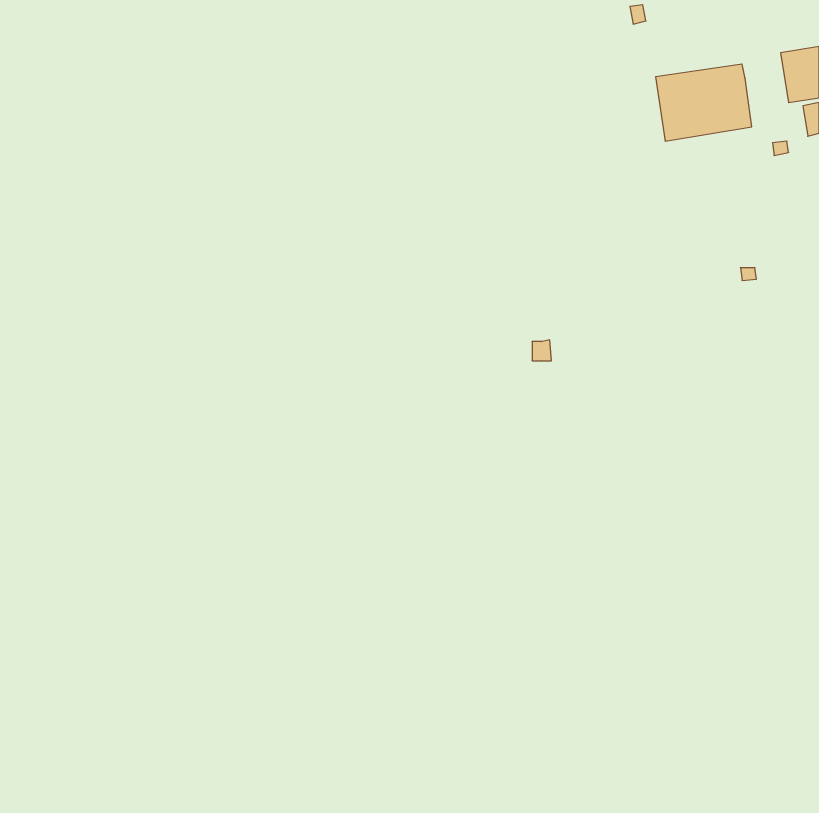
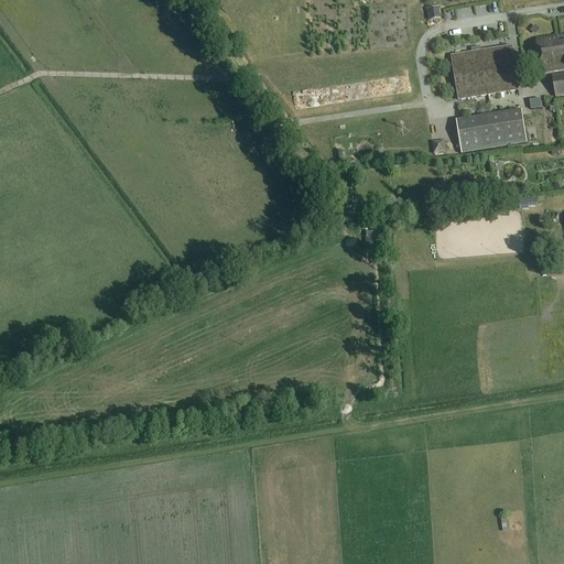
building: none -> [455,108,525,151]

